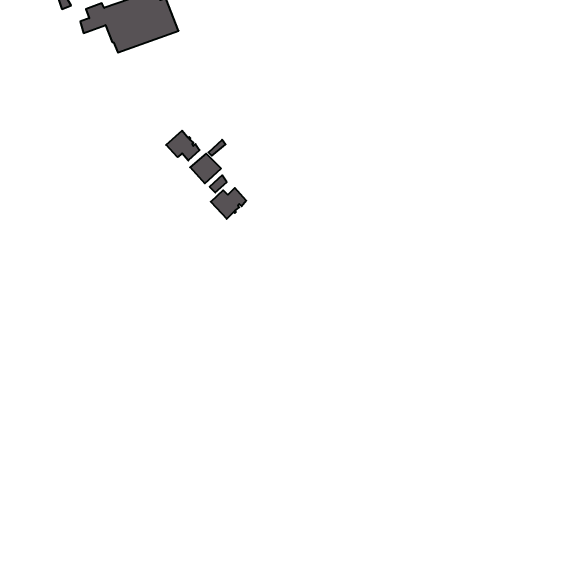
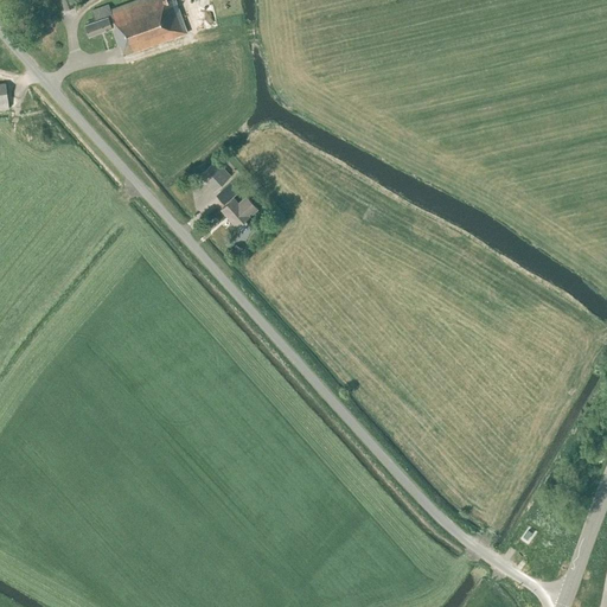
building: [166,131,200,161] -> none

